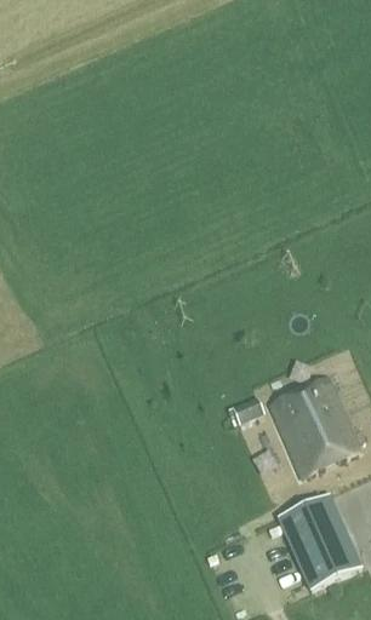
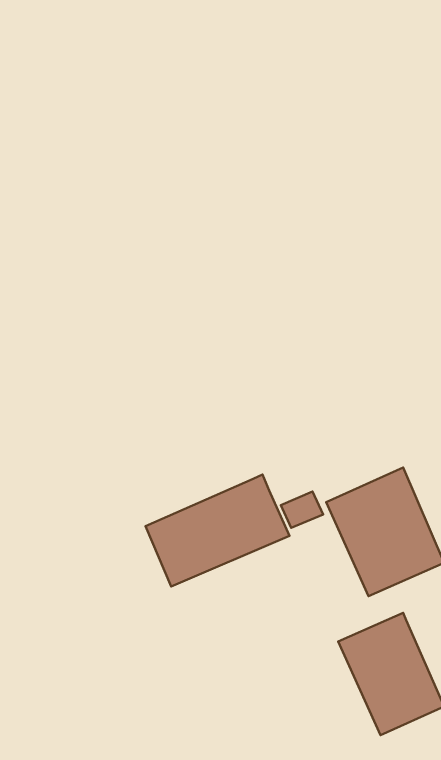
building: none -> [145,475,289,586]

